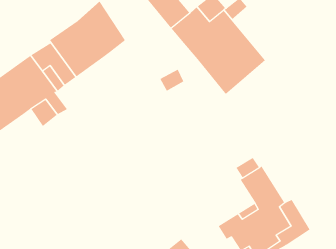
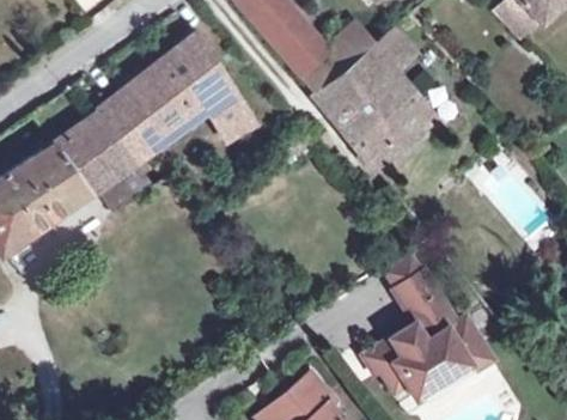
building: none -> [206,90,254,139]

